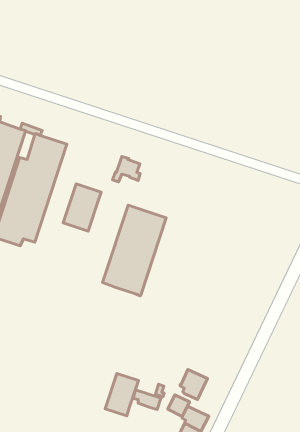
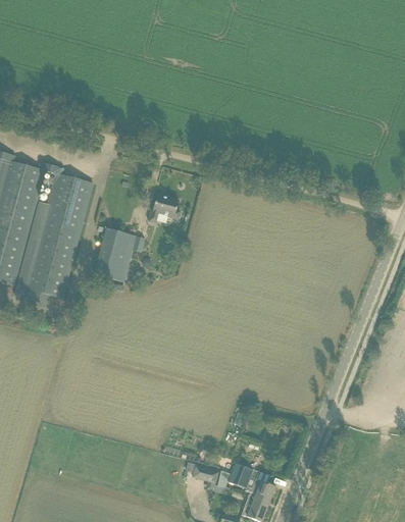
building: [103,205,166,296] -> none
building: [180,369,208,400] -> none
building: [105,373,139,416] -> none

